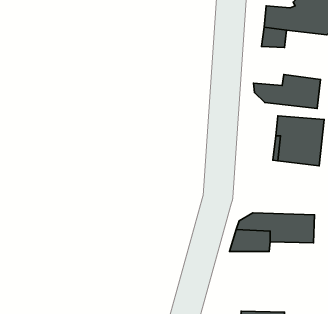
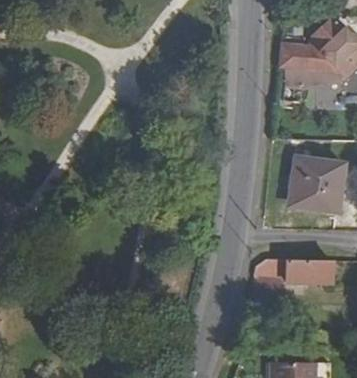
building: [253,75,321,109] -> none

